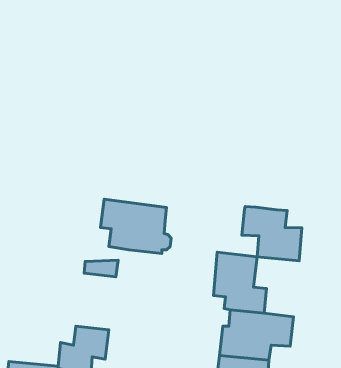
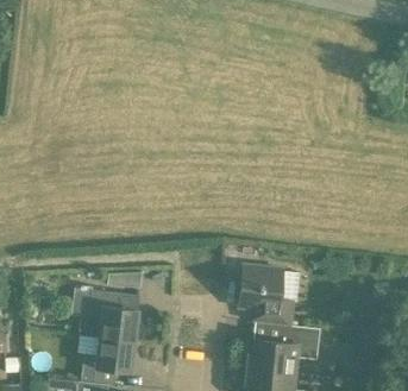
building: [101,199,171,253] -> [73,288,144,342]
building: [242,207,302,261] -> none

